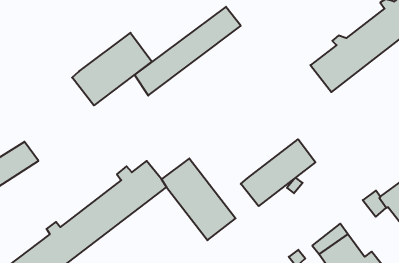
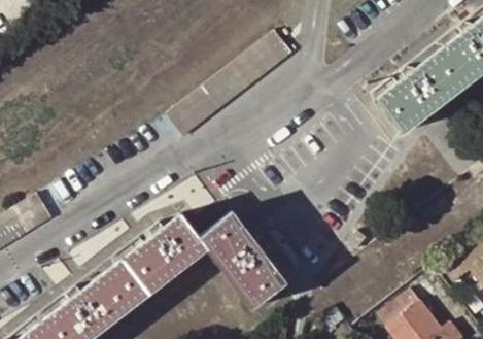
building: [72,33,152,105] -> none
building: [241,139,315,206] -> none

